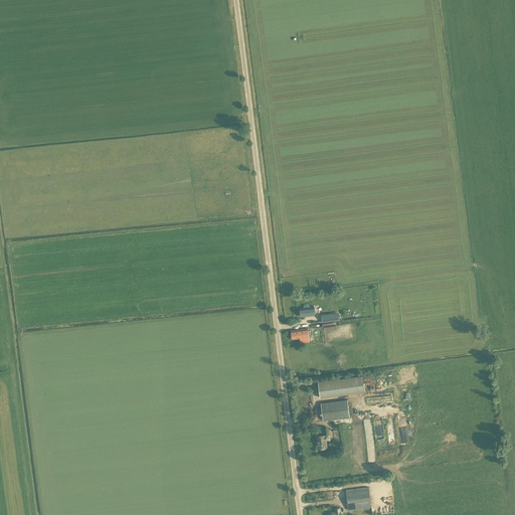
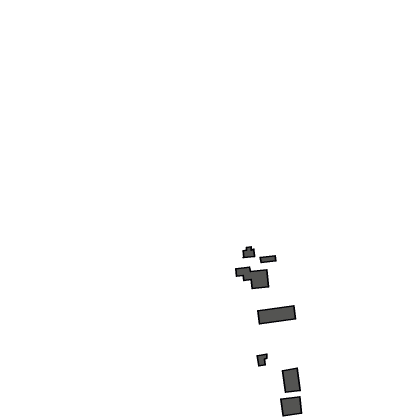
building: [319,399,348,420] -> none
building: none -> [283,368,300,392]

